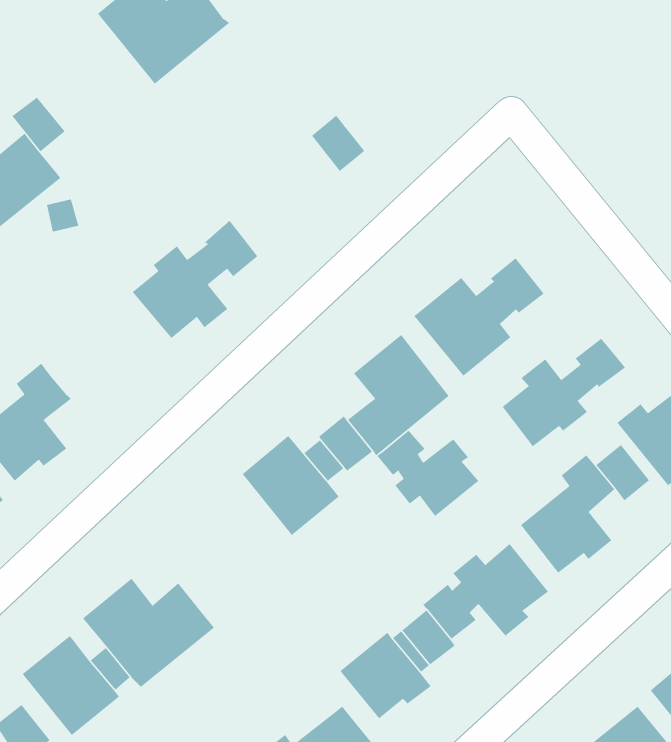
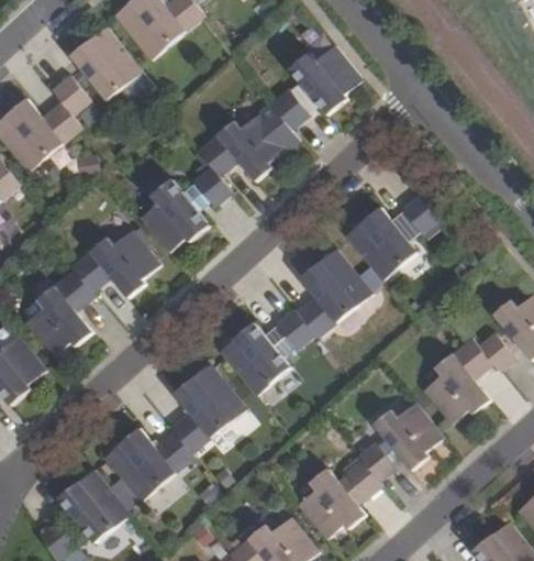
building: none -> [69,26,141,99]
building: none -> [291,44,361,114]
building: none -> [197,112,287,180]
building: none -> [70,229,159,298]
building: [502,338,626,447] -> none
building: [377,430,479,517] -> none
building: none -> [169,364,244,452]

